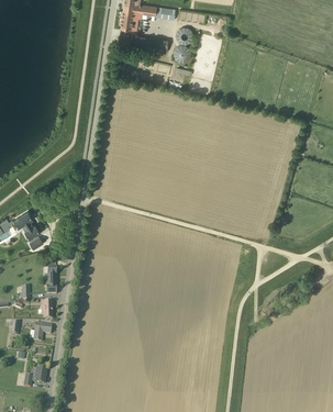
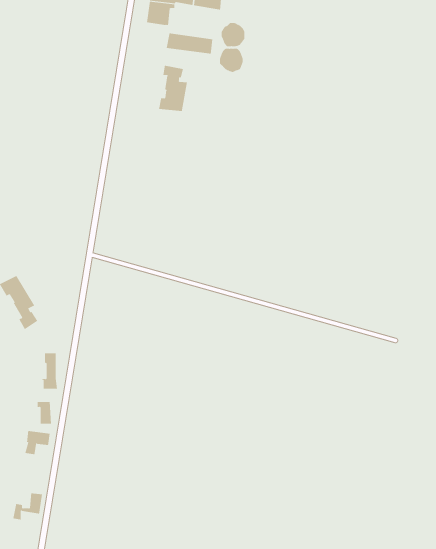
building: none -> [158,65,187,112]

